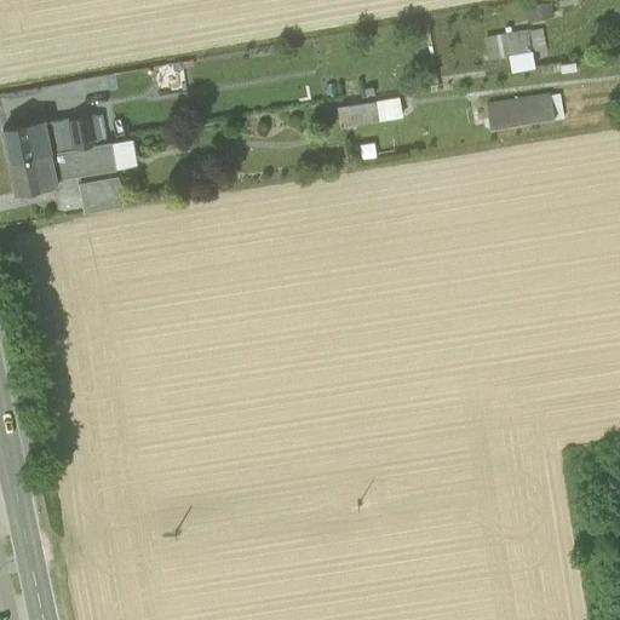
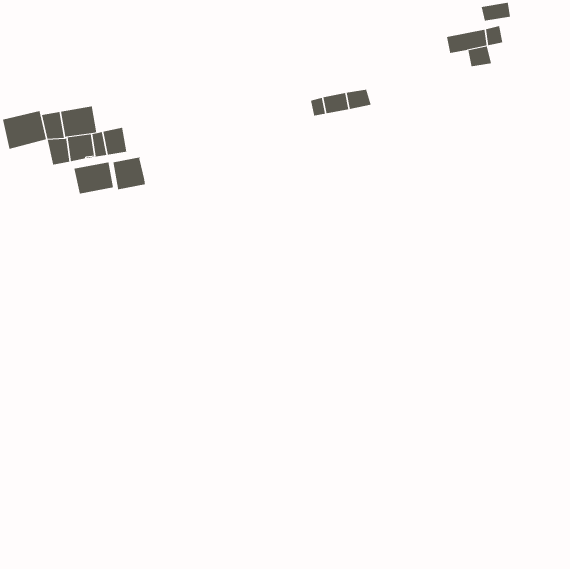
building: [488,94,556,130] -> none
building: [10,153,57,195] -> none
building: none -> [113,157,145,190]

